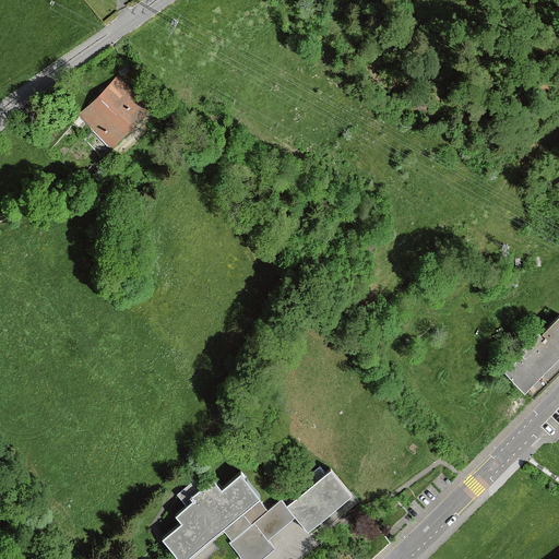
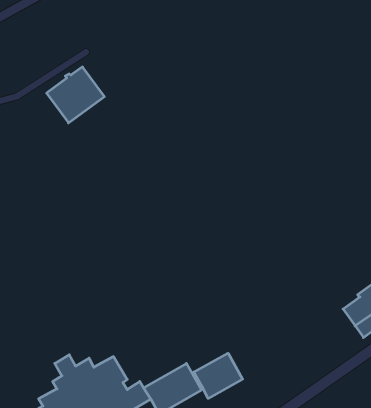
building: [80,81,148,150] -> [47,67,104,123]
building: none -> [194,353,243,398]

